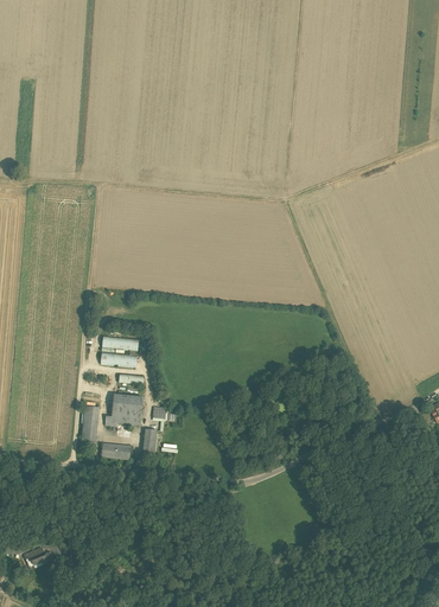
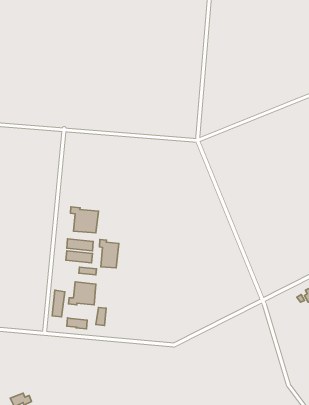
building: none -> [70,207,98,233]
building: none -> [99,240,119,268]

